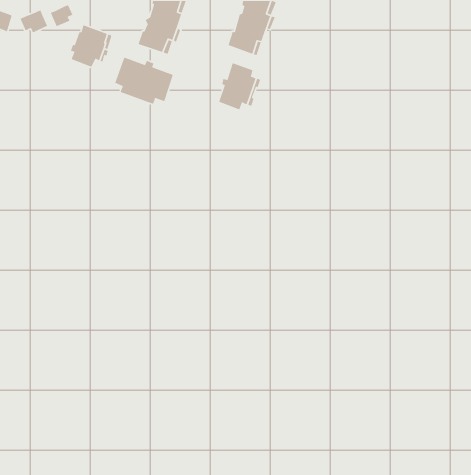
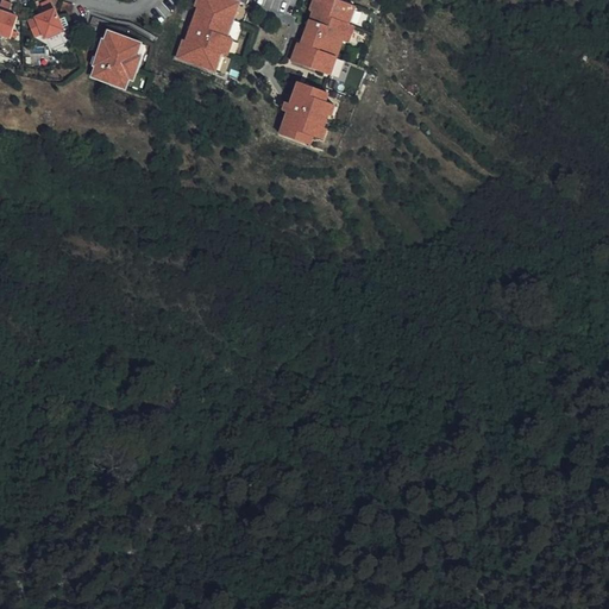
building: [50,4,74,27] -> none
building: [114,56,174,105] -> none

